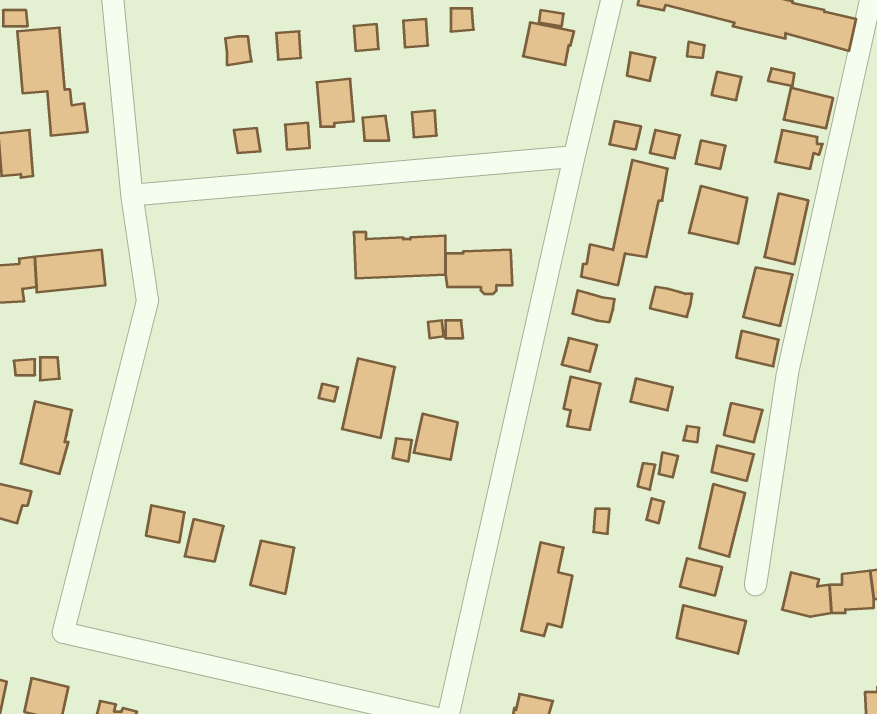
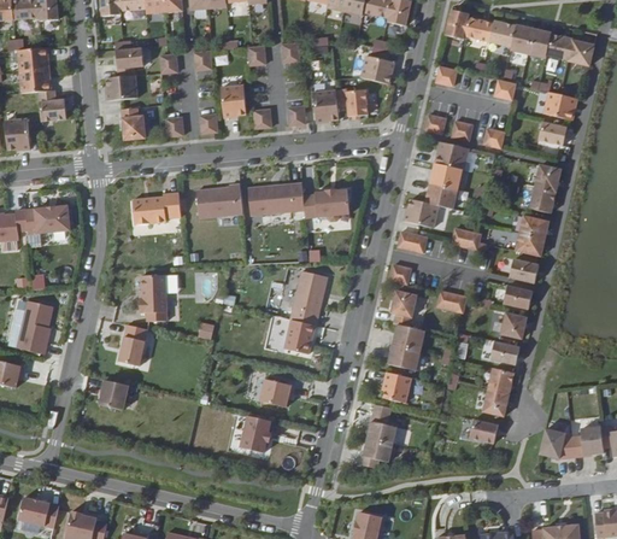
building: none -> [107,48,145,101]
building: none -> [315,88,369,122]
building: none -> [122,109,146,141]
building: [689,186,747,244] -> none
building: none -> [202,189,248,221]
building: none -> [140,194,187,224]
building: none -> [140,271,168,318]
building: [342,358,395,438] -> [293,265,329,320]
building: none -> [504,282,535,310]
building: none -> [388,322,424,368]
building: none -> [382,369,411,400]
building: none -> [265,374,299,402]
building: [185,519,224,561] -> [122,333,148,362]
building: [250,541,294,594] -> [245,411,275,447]
building: [677,605,746,654] -> none

